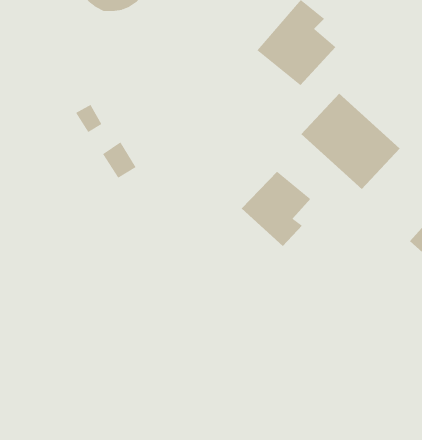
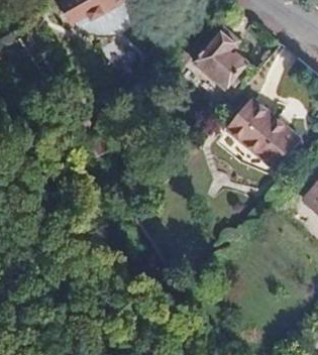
building: [241,171,311,247] -> none

